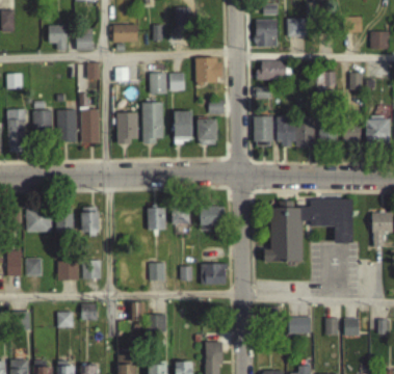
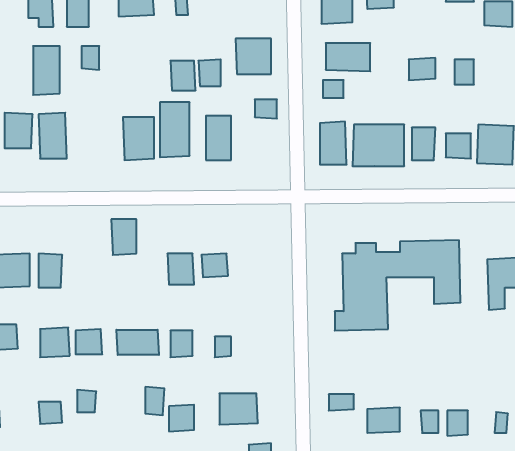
building: [81,109,100,143] -> [33,46,60,95]
building: [198,118,217,144] -> none
building: [200,205,225,229] -> none
building: [81,207,99,232] -> [111,219,136,255]
building: none -> [116,330,159,355]
building: [201,263,228,285] -> [219,393,258,425]

